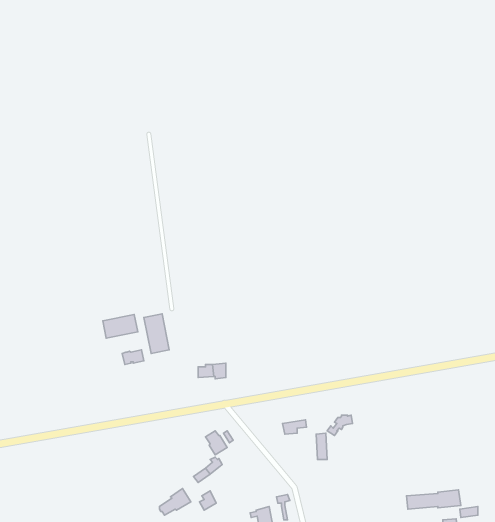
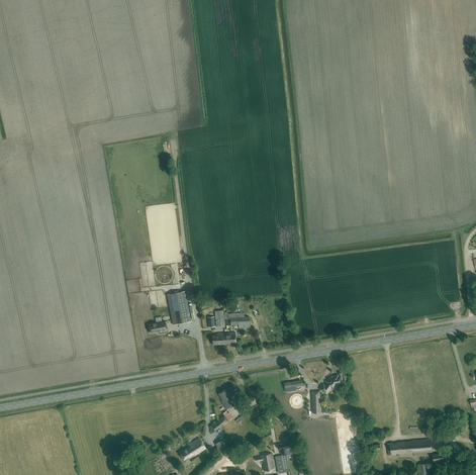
building: [103,315,138,338] -> none
building: none -> [215,310,250,328]

